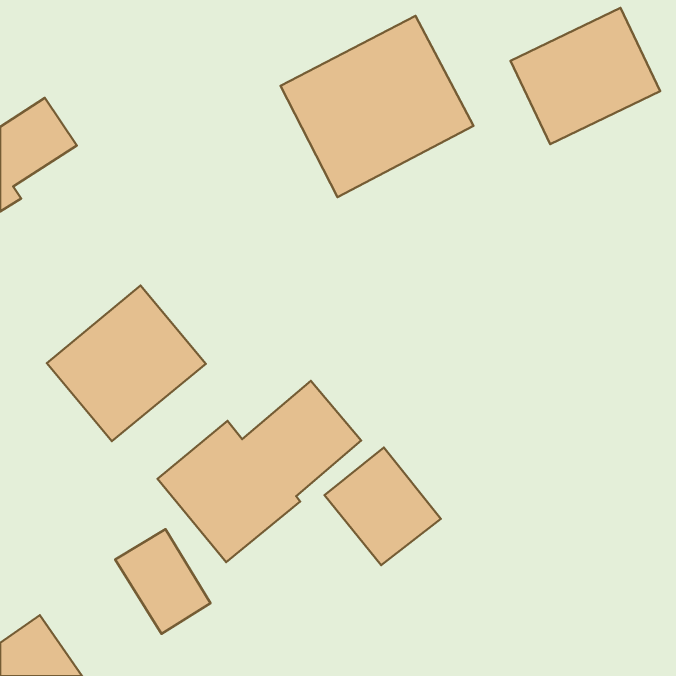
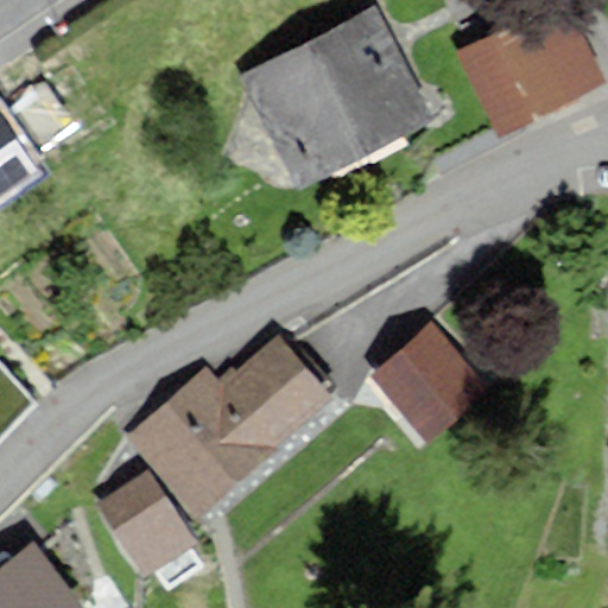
building: [47,286,206,441] -> none
building: [324,447,441,565] -> [379,329,483,435]

